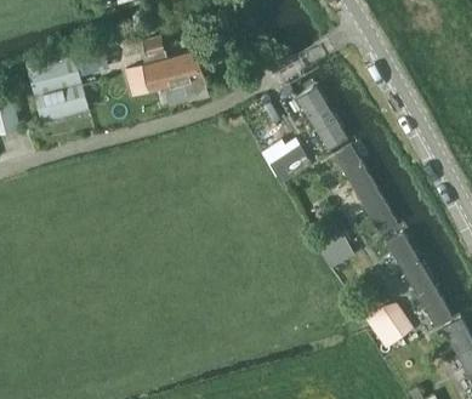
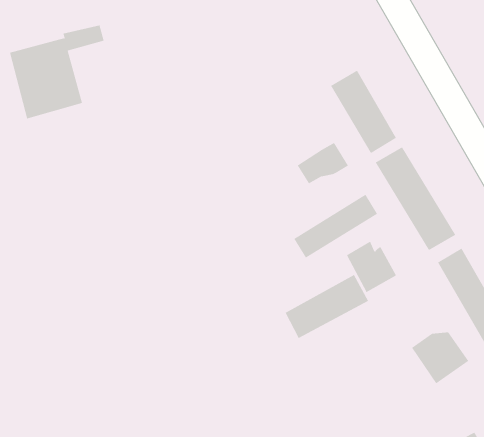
building: [124,36,207,101] -> none
building: none -> [294,194,378,259]
building: none -> [285,274,369,339]

